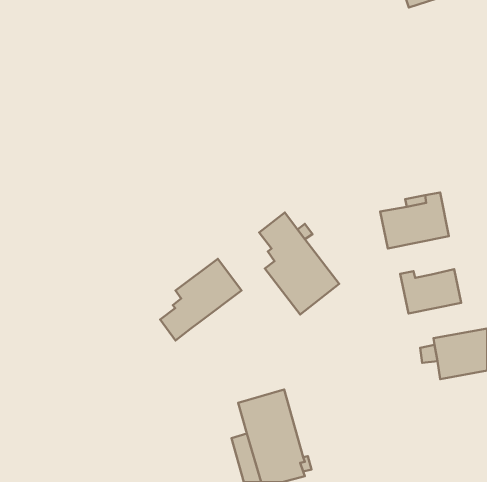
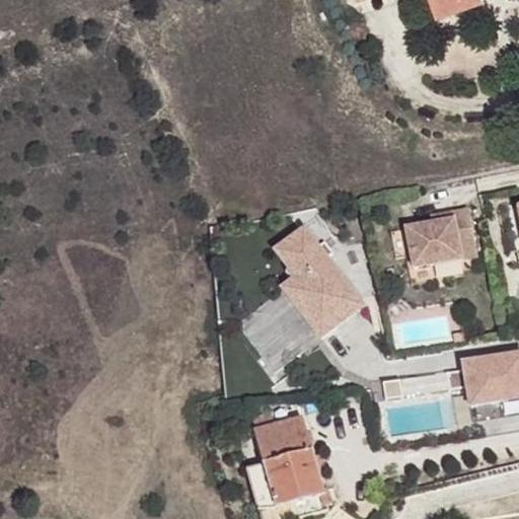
building: [160,259,241,341] -> none
building: [400,269,461,313] -> none

